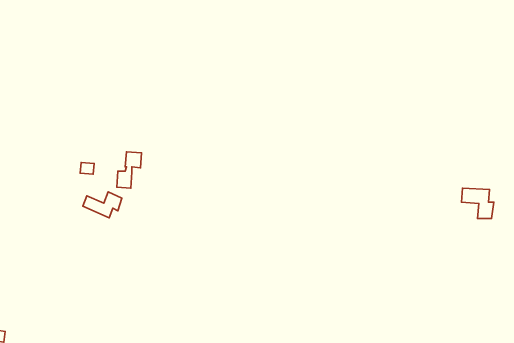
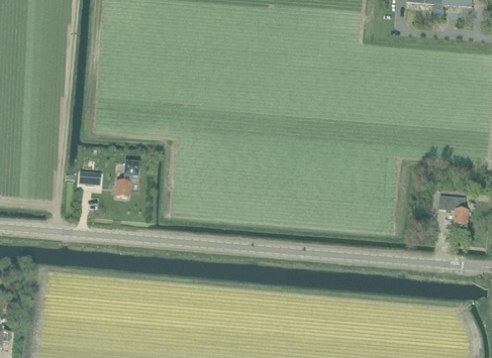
building: [83,192,122,218] -> none

